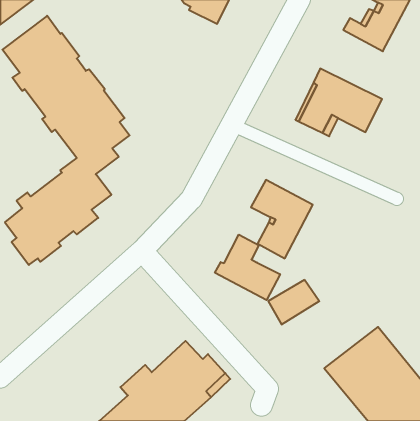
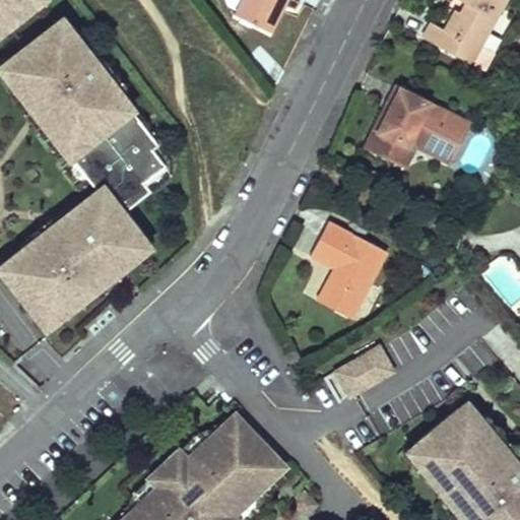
building: [215,235,280,300] -> none

